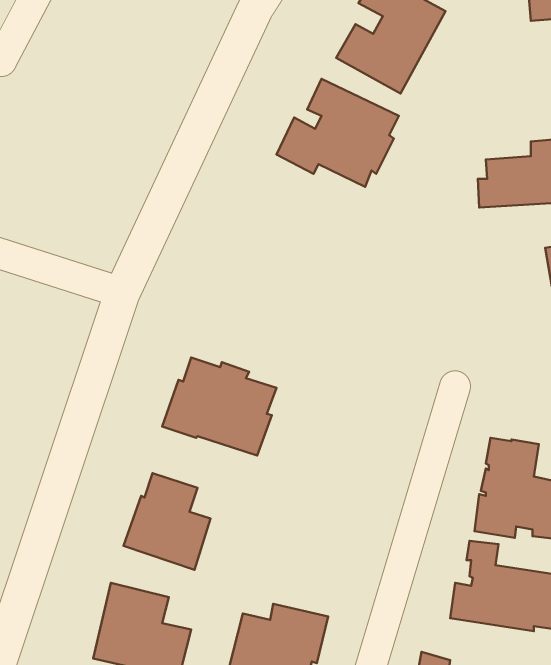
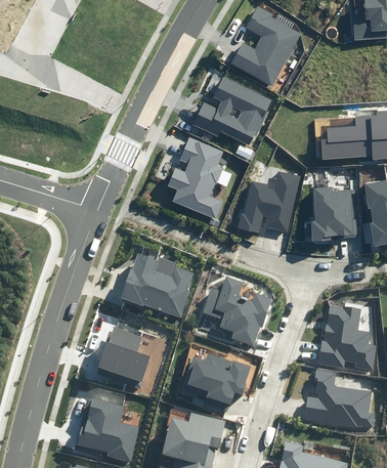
building: none -> [167,137,223,219]
building: none -> [236,171,300,233]
building: none -> [310,186,357,241]
building: none -> [202,276,271,346]
building: none -> [182,353,250,405]

